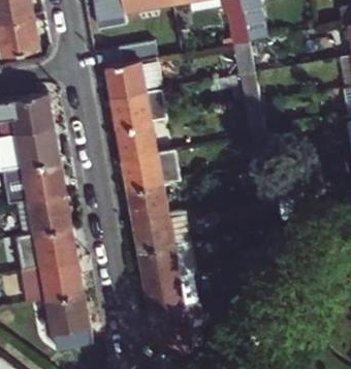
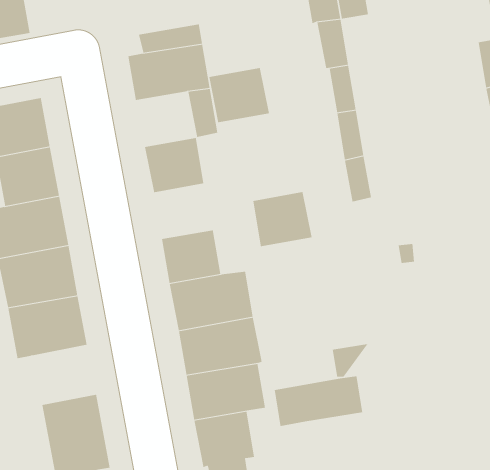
building: [109,89,151,126] -> [208,68,270,123]
building: [122,151,162,188] -> [252,192,312,247]
building: [40,259,84,300] -> none
building: none -> [274,375,363,427]

